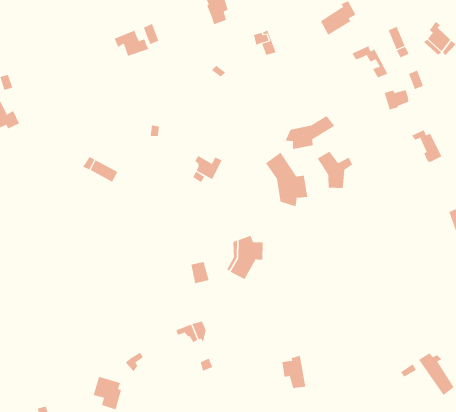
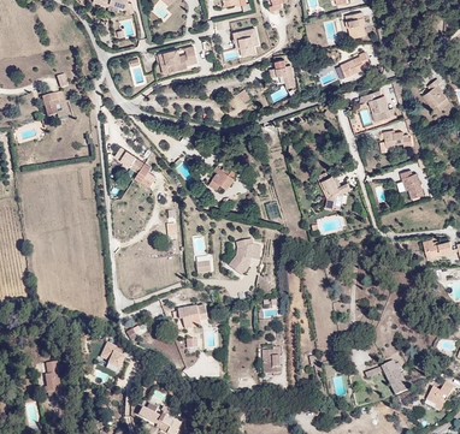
building: [285,115,335,150] -> none
building: [265,152,308,207] -> none

